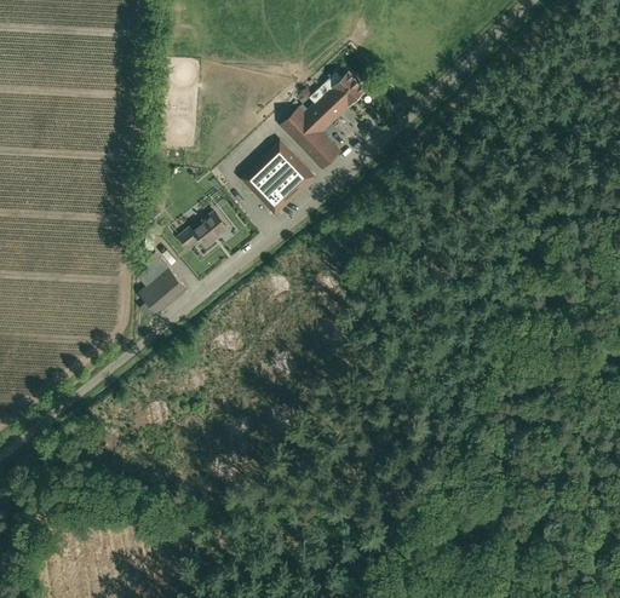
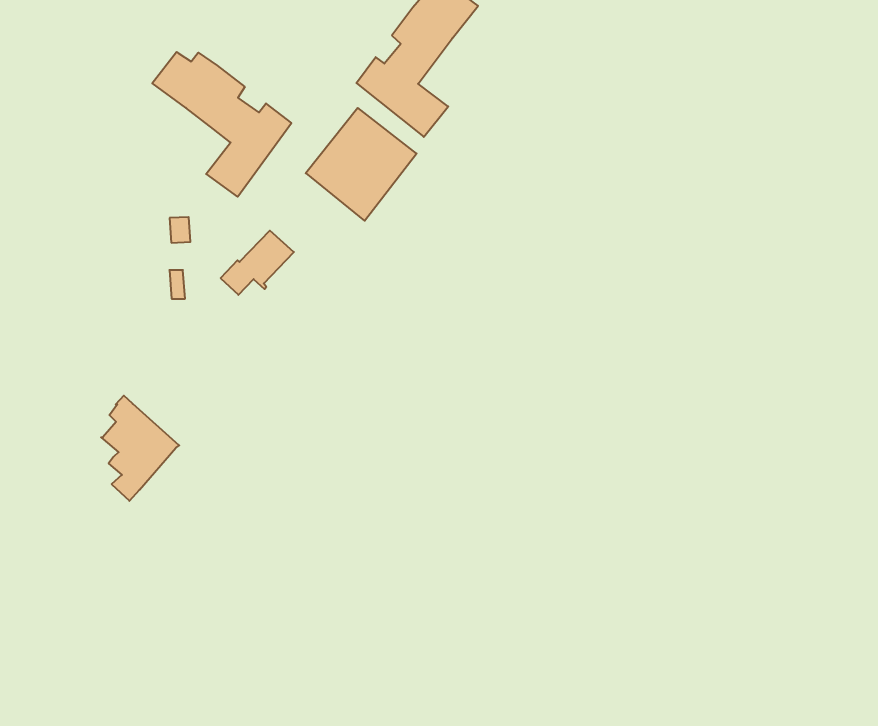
building: none -> [152,52,291,197]
building: [138,253,186,320] -> [101,396,179,501]

